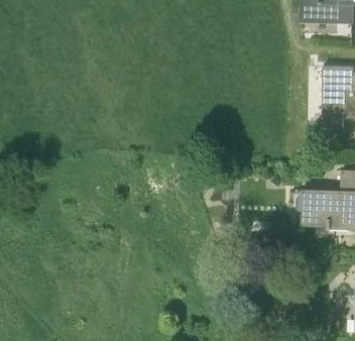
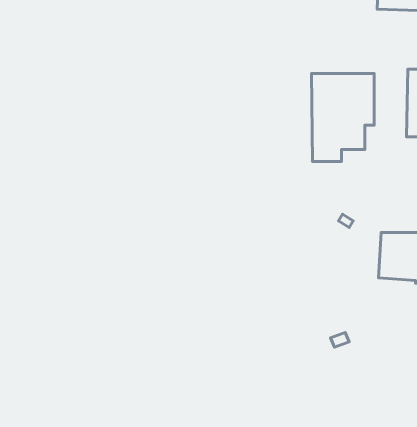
building: none -> [311,73,374,161]

